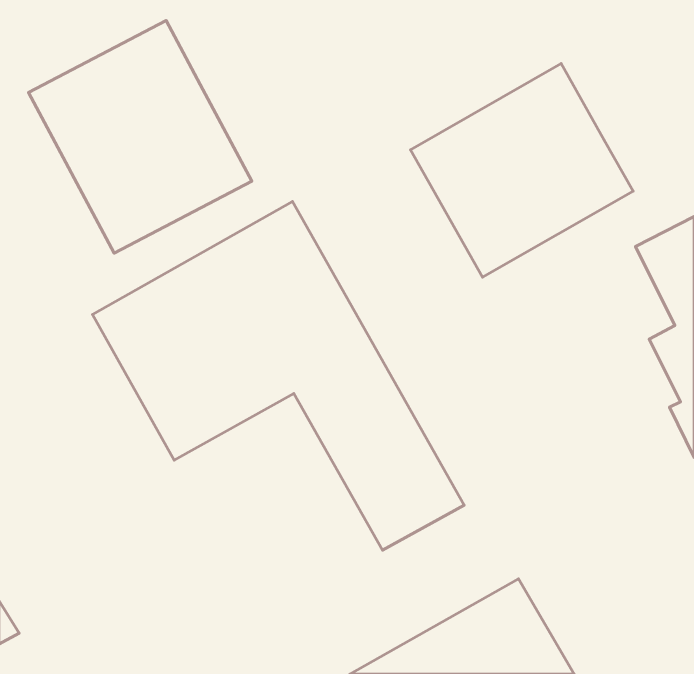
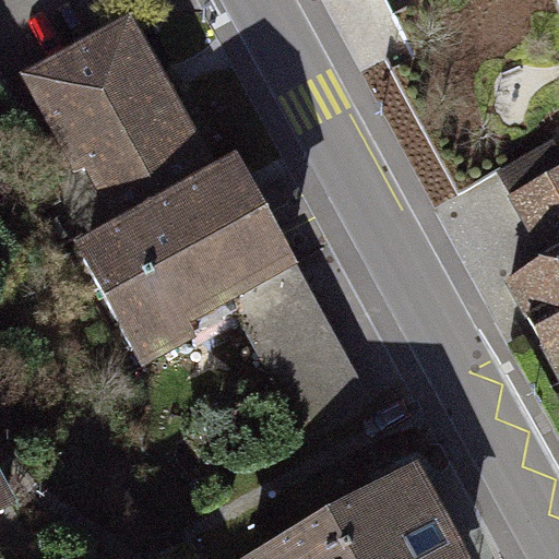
building: [410,63,633,277] -> none

